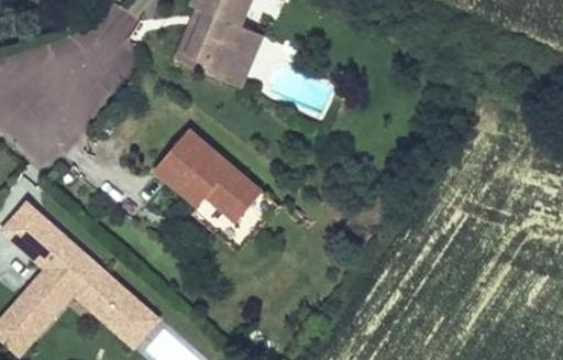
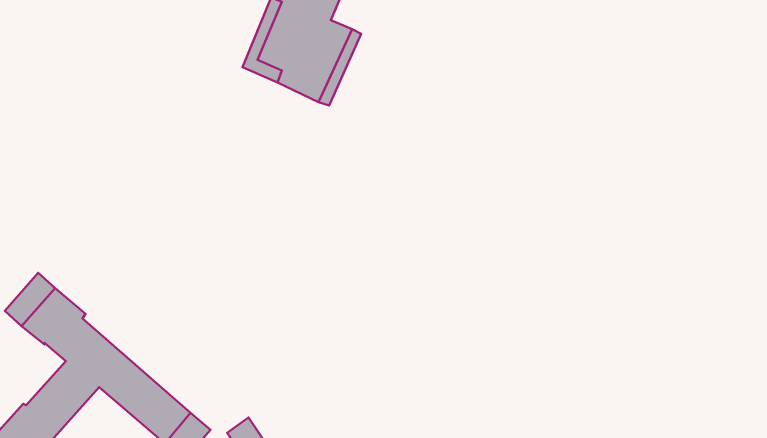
building: [155,128,262,220] -> none

